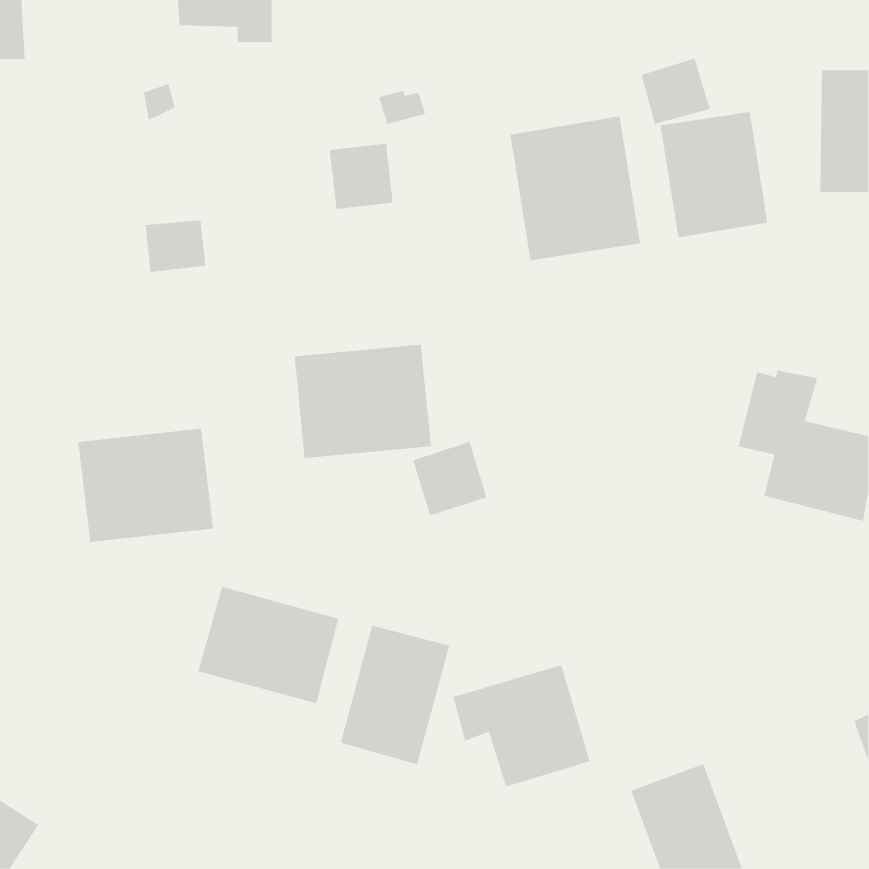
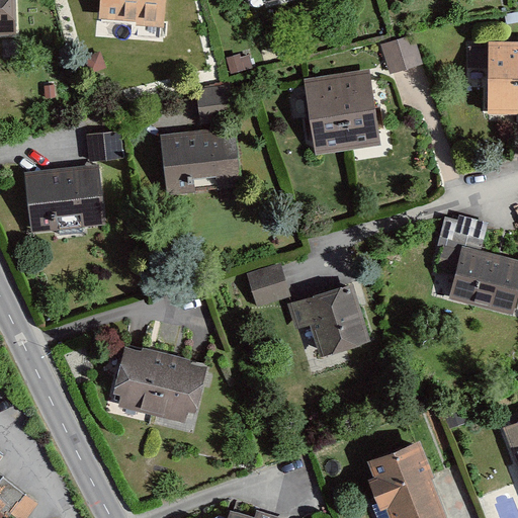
building: [660,111,768,238] -> none
building: [294,344,432,458] -> [159,127,241,195]
building: [77,428,214,542] -> [23,164,104,232]
building: [340,625,450,765] -> none
building: [453,664,591,787] -> [287,284,369,357]

